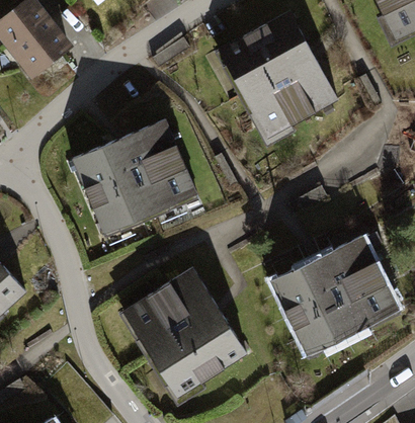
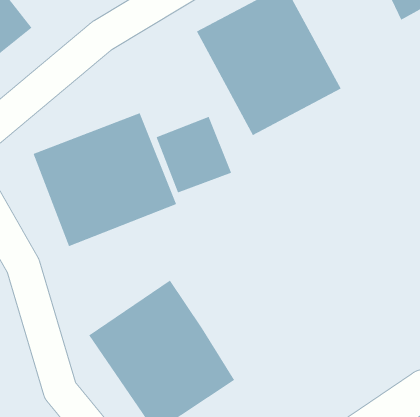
building: none -> [156,116,232,194]
building: [270,233,402,357] -> none

